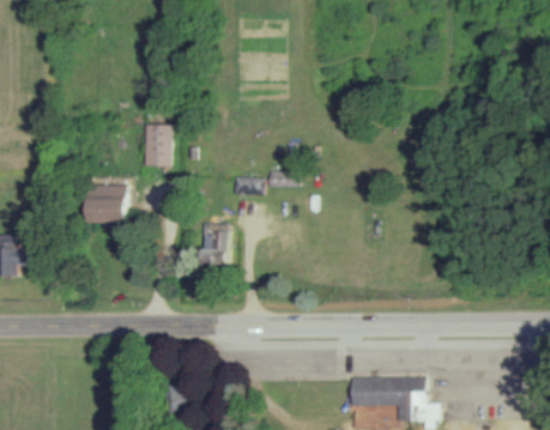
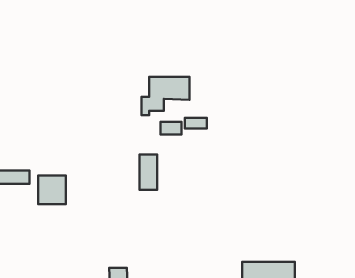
building: none -> [141,77,190,115]
building: [144,126,170,166] -> none
building: [87,184,127,225] -> [38,175,66,204]

